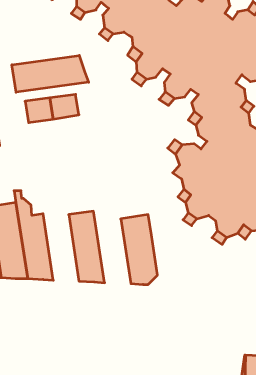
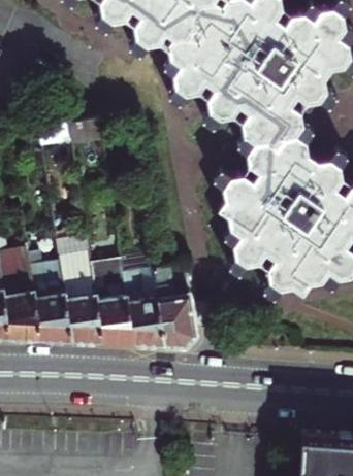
building: [12,55,89,92] -> none
building: none -> [55,234,102,343]
building: none -> [120,252,165,346]

